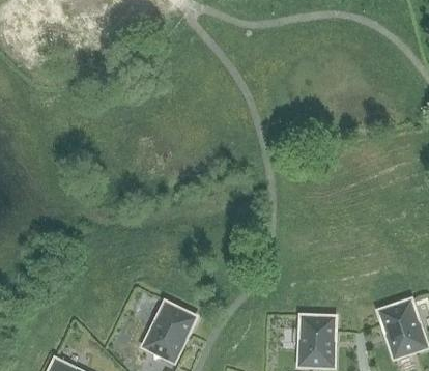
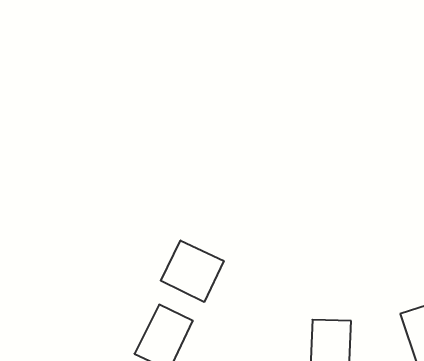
building: none -> [161,240,224,302]

